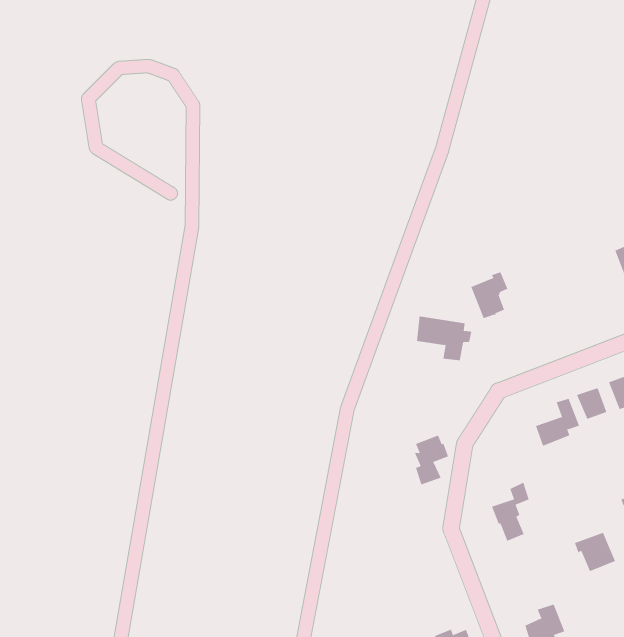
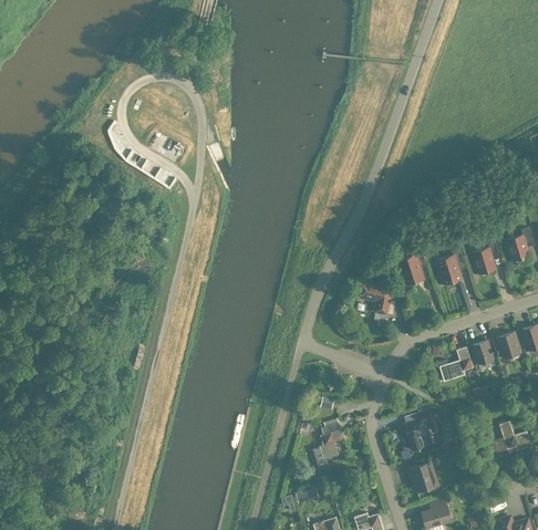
building: none -> [473,240,499,276]
building: none -> [437,251,465,284]
building: [414,435,449,485] -> [320,423,345,459]
building: [574,532,616,572] -> [407,463,437,491]

